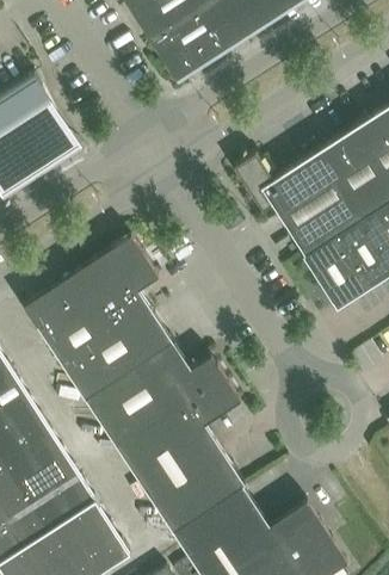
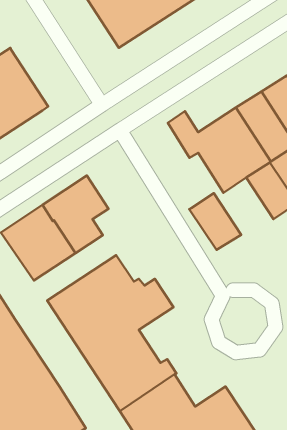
building: [303,239,369,310] -> [189,193,241,250]
building: [66,311,169,394] -> none

